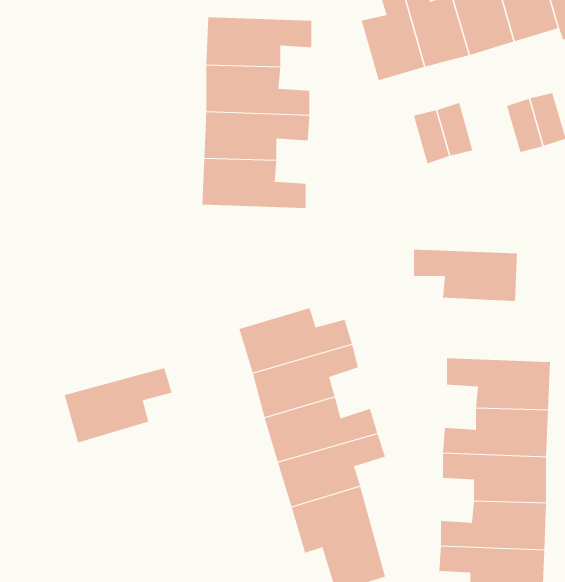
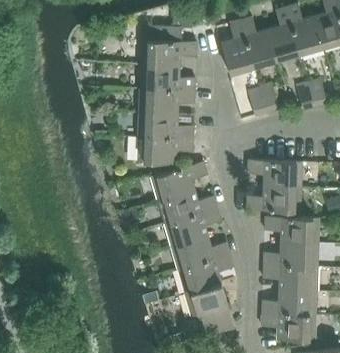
building: none -> [138,137,193,163]
building: none -> [246,185,301,212]
building: [64,368,173,443] -> [151,162,207,201]

